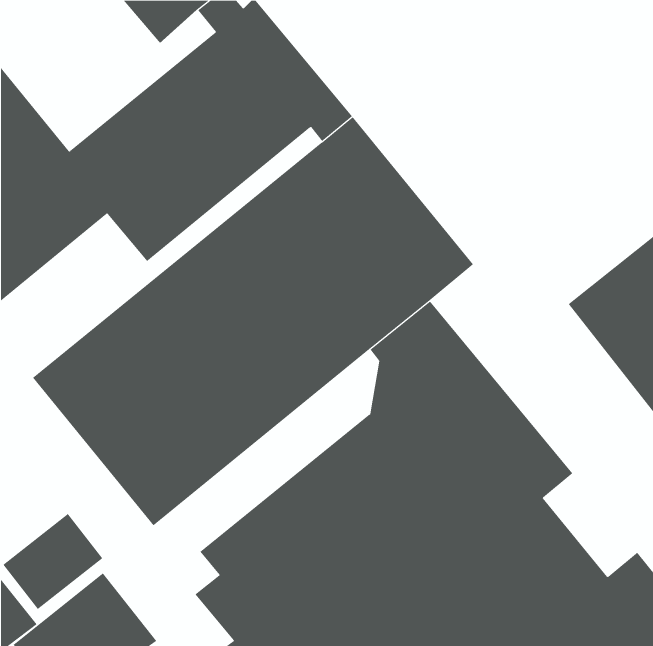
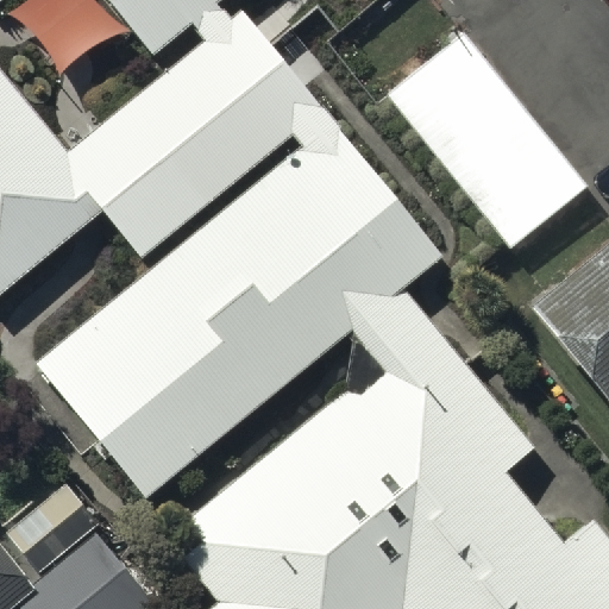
building: none -> [387,34,595,256]

